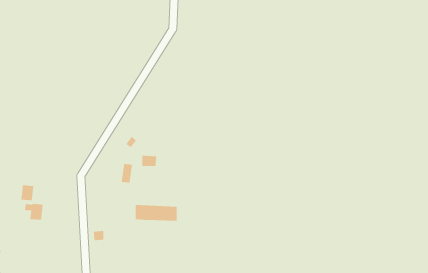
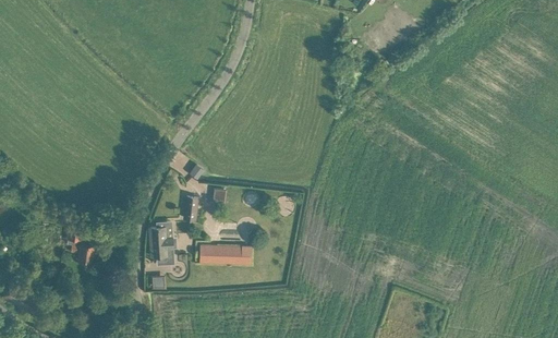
building: none -> [150,227,173,264]

